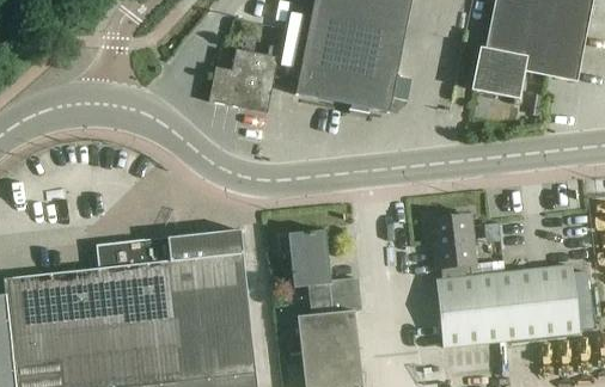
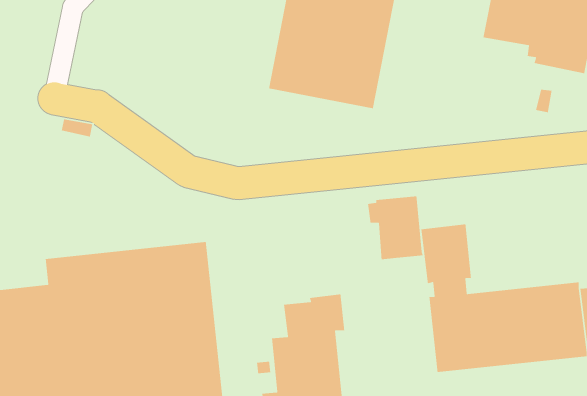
building: [471,48,526,98] -> none
building: [208,49,277,113] -> none
building: [282,229,332,287] -> [367,195,424,260]

